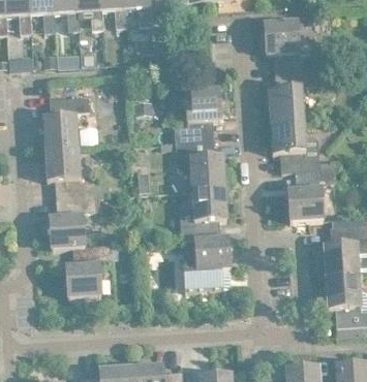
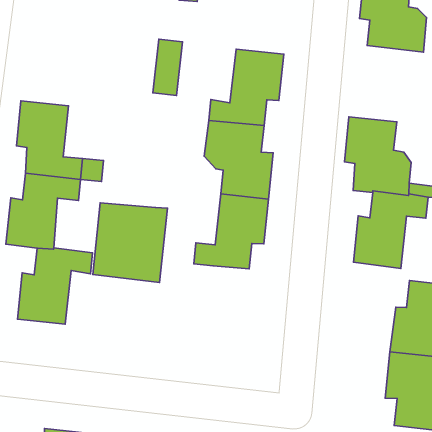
building: [268,70,313,123] -> none
building: [42,97,89,150] -> none
building: [181,236,231,290] -> [93,203,168,283]

